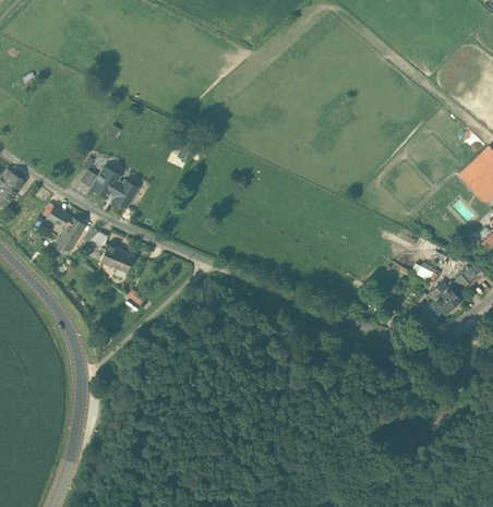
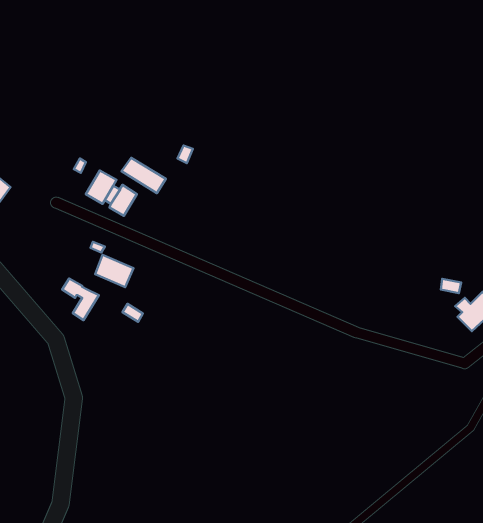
building: none -> [122,158,166,193]
building: [50,209,84,248] -> [62,279,99,320]

